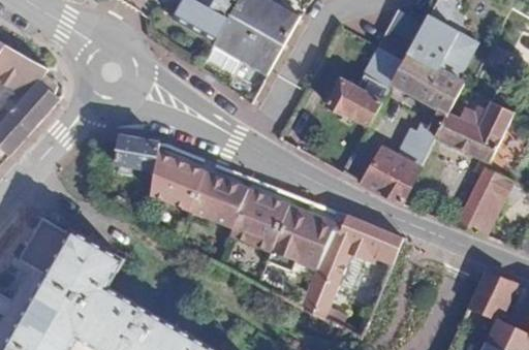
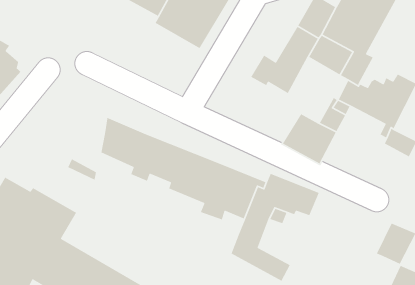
building: [116,135,161,169] -> none
building: [455,181,505,235] -> none

